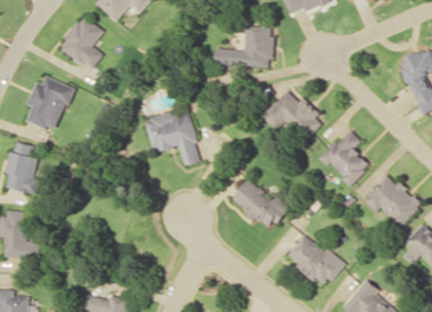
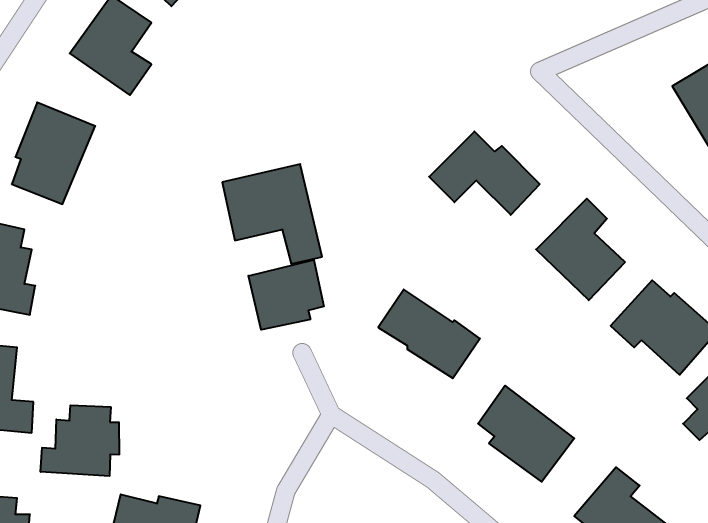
building: [215,26,272,67] -> none
building: none -> [248,260,324,330]
building: none -> [41,405,119,476]

